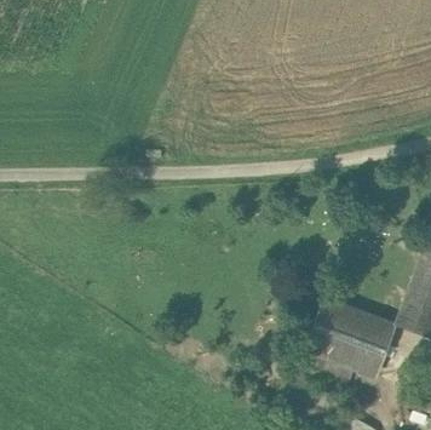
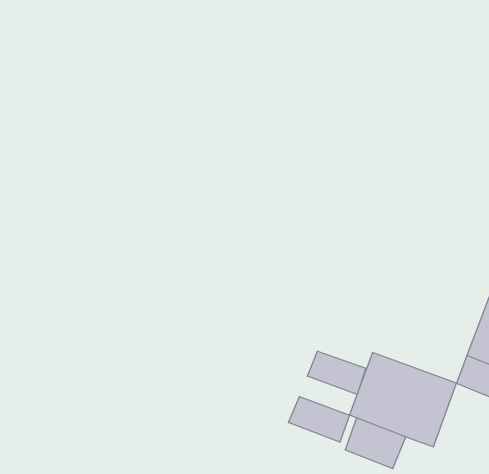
building: none -> [307,351,366,394]
building: none -> [288,396,350,442]

